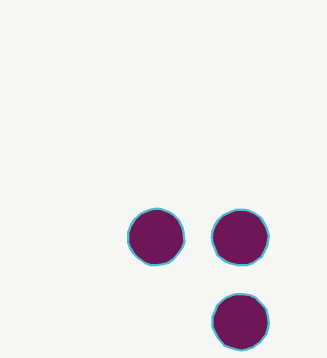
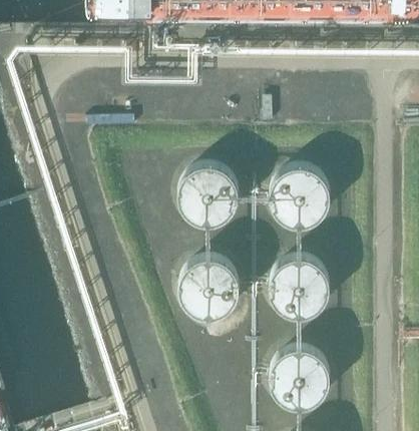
building: none -> [177,165,238,226]
building: none -> [269,166,329,227]

